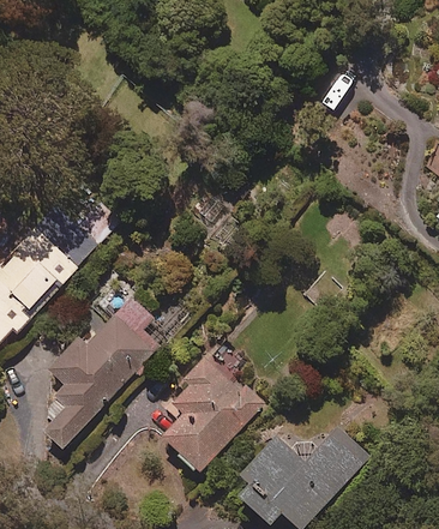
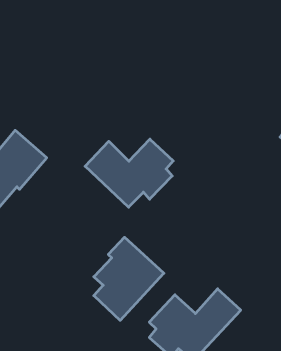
building: none -> [85,139,173,207]
building: [48,297,157,449] -> none

